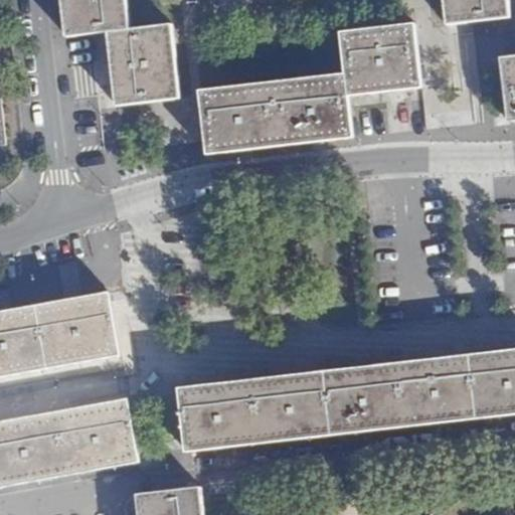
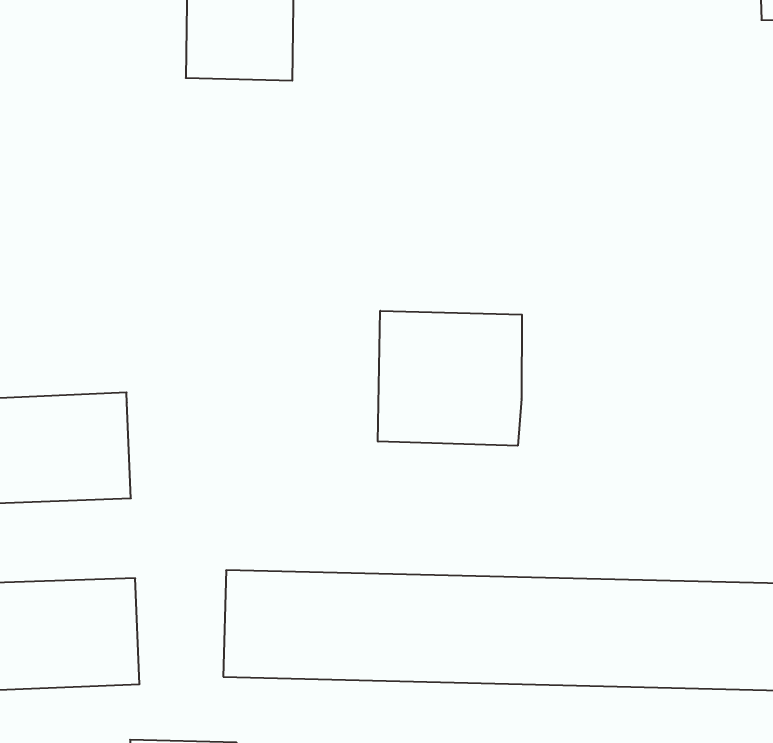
building: [198,23,419,152] -> none
building: none -> [378,311,522,446]

